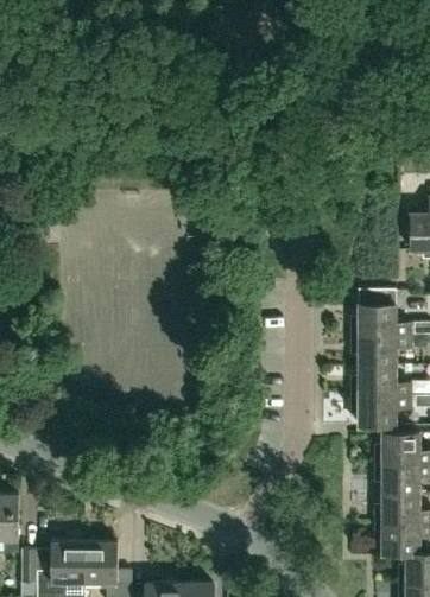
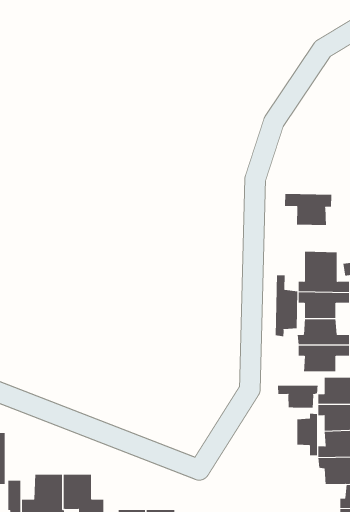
building: none -> [285,193,332,226]
building: none -> [275,274,298,337]
building: none -> [278,385,318,409]
building: none -> [297,413,318,456]

